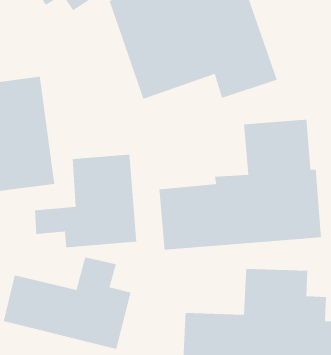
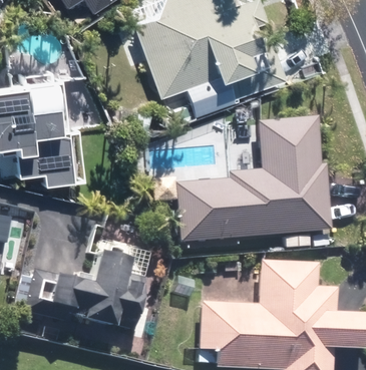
building: [34,154,137,248] -> none

